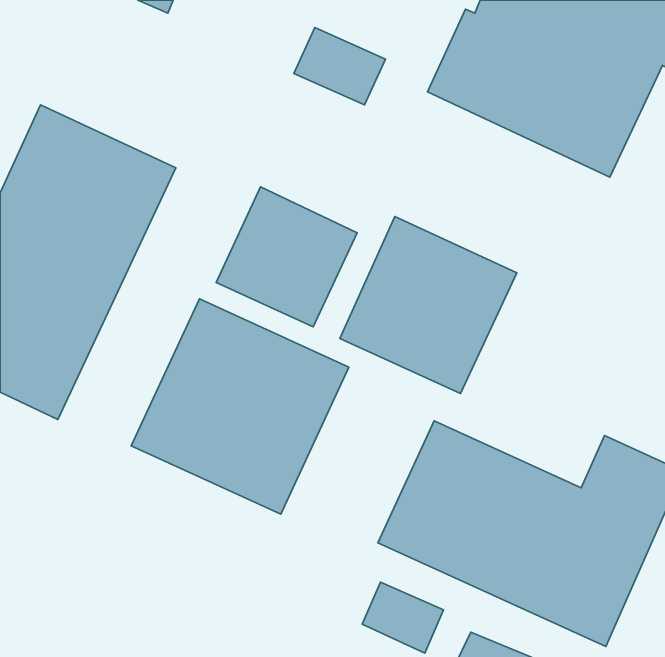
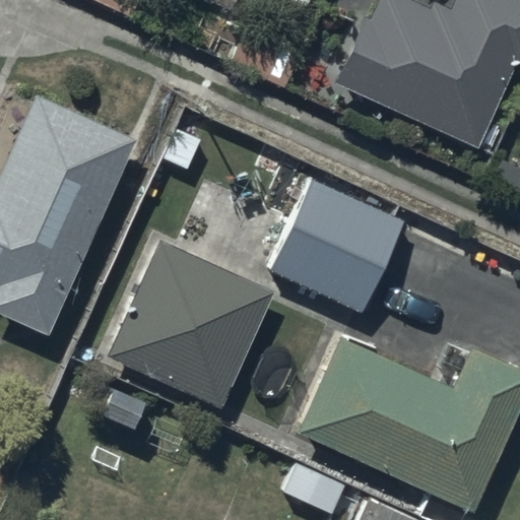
building: [216,187,357,327] -> none

